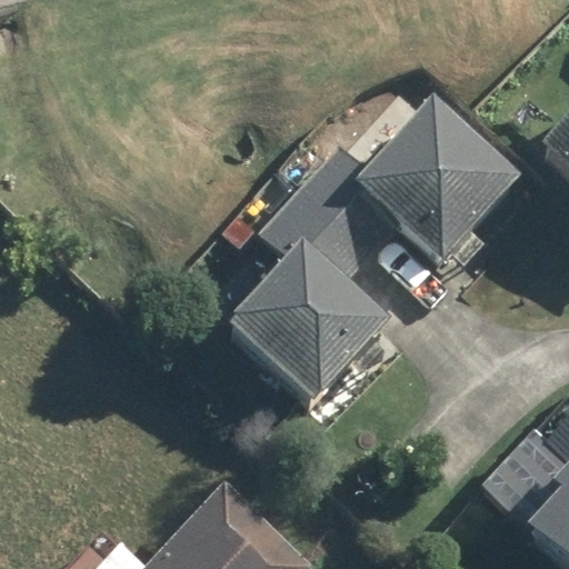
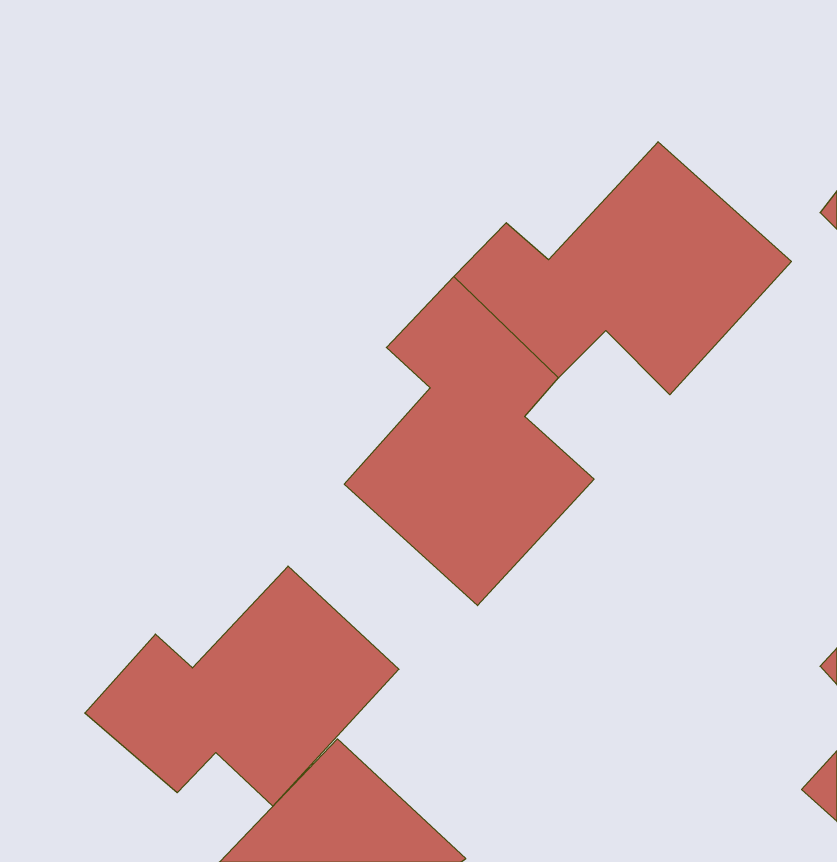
building: none -> [85,566,399,806]

